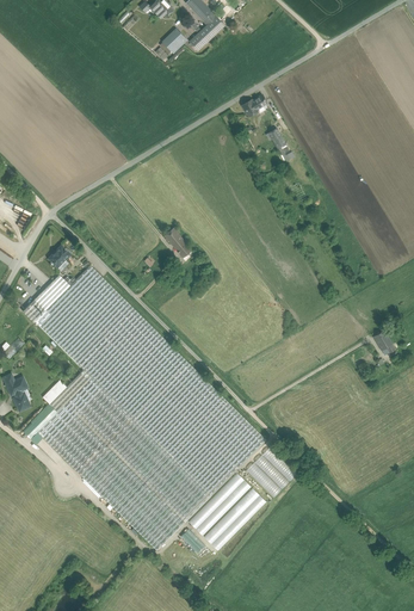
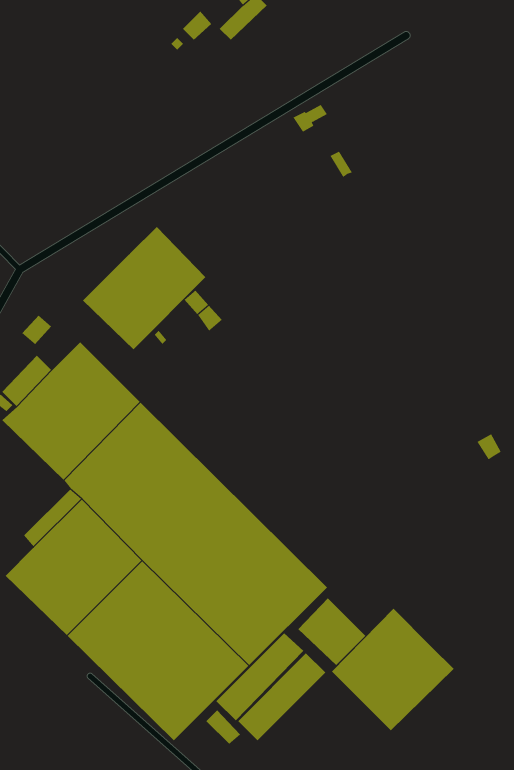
building: none -> [82,226,206,350]
building: none -> [331,608,454,731]

